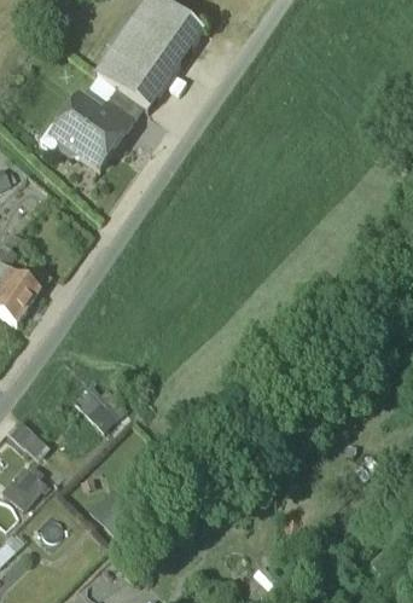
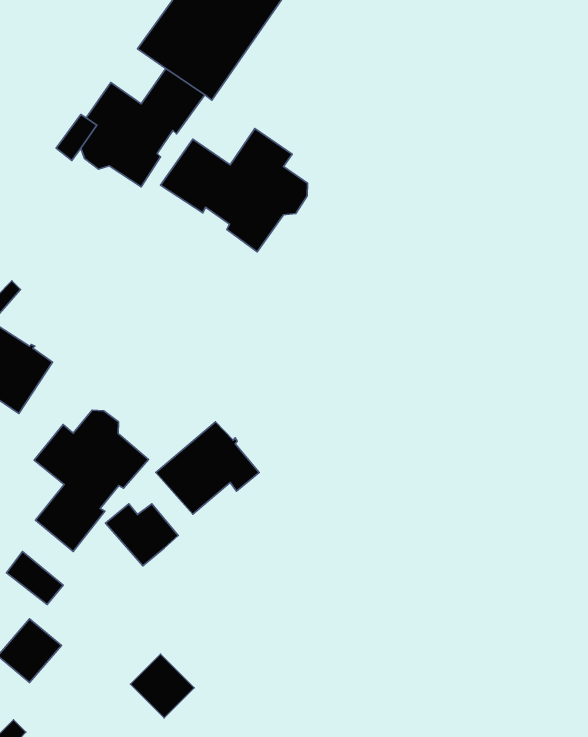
building: none -> [160,129,308,252]
building: none -> [34,410,149,551]
building: none -> [156,422,259,514]

